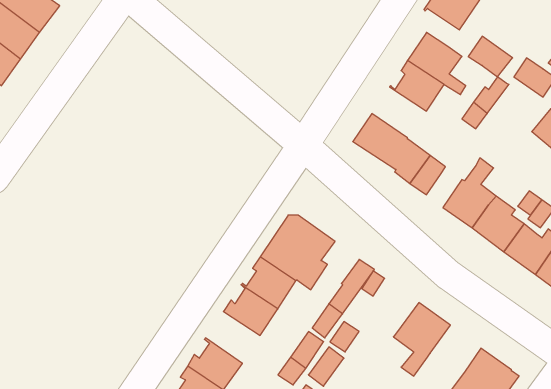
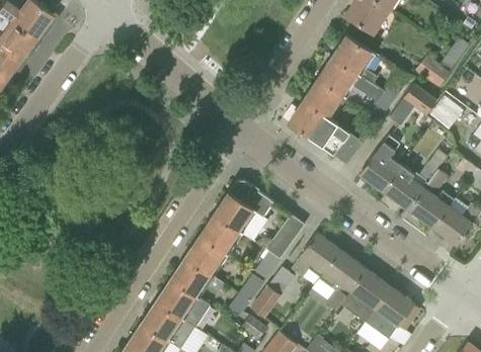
building: [468,36,513,77] -> [403,82,438,114]
building: none -> [302,79,345,119]
building: none -> [290,234,339,278]
building: none -> [169,258,223,299]
building: none -> [348,269,389,306]

